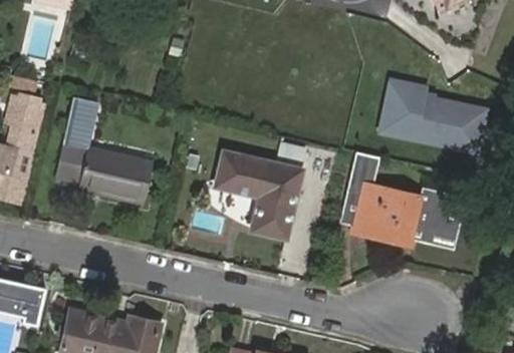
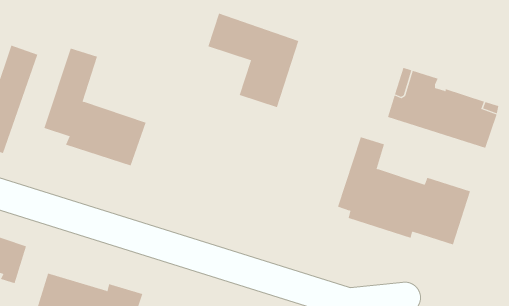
building: [216,152,303,239] -> [207,13,299,108]

